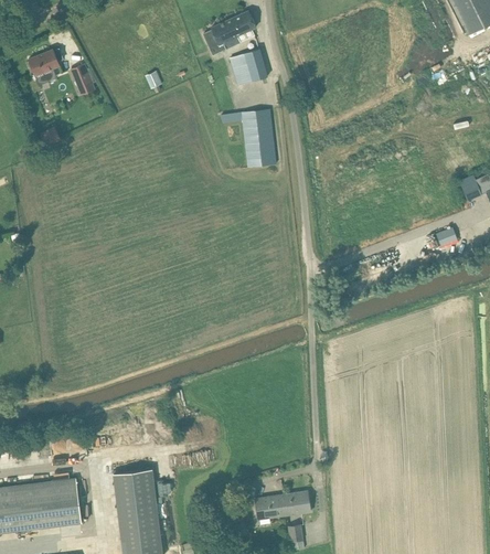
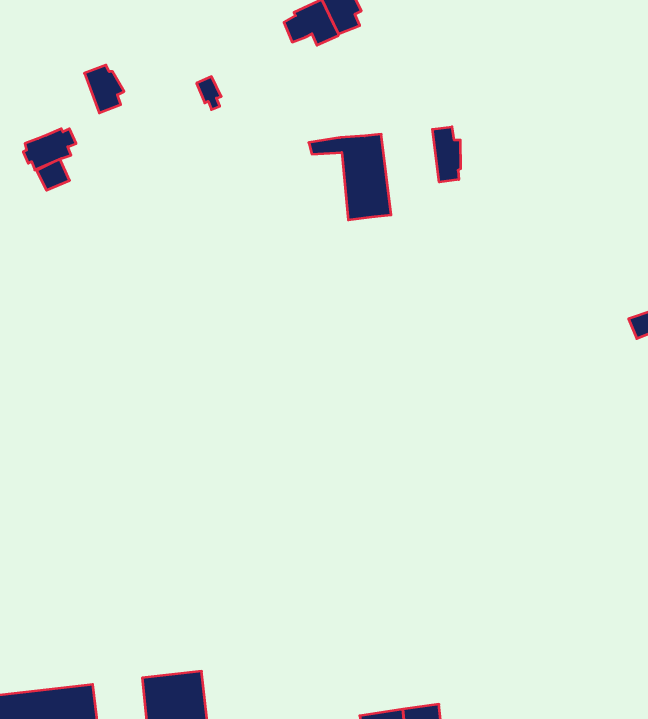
building: [28,49,63,76] -> [23,129,76,170]
building: [231,49,267,85] -> none
building: none -> [432,127,461,182]

